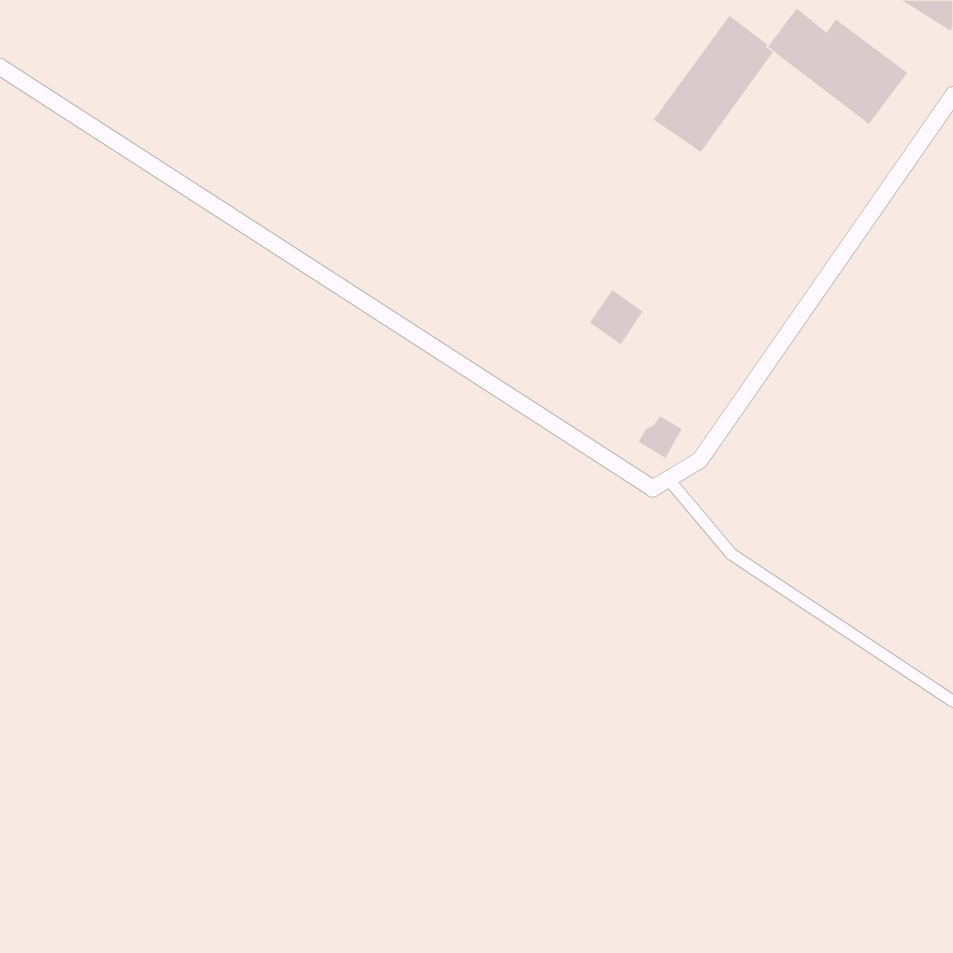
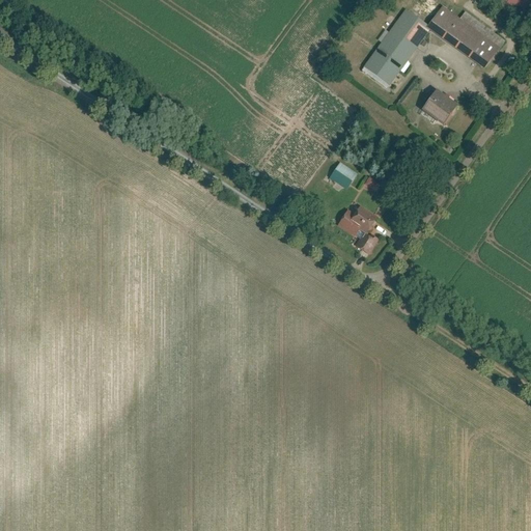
building: none -> [422,87,458,123]
building: none -> [337,204,376,237]

